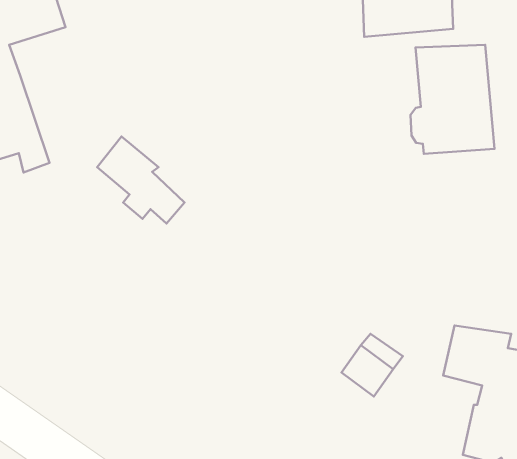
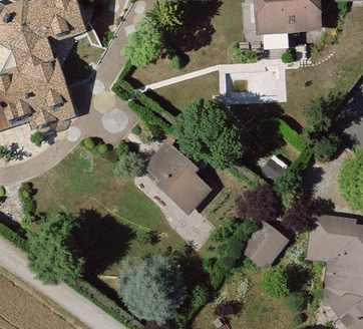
building: [410,45,495,154] -> none
building: [97,136,184,224] -> [159,148,214,203]

